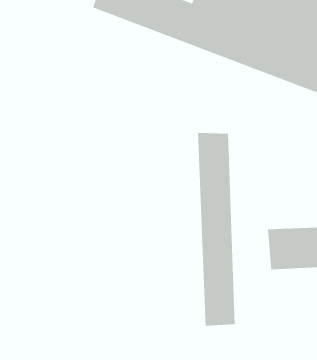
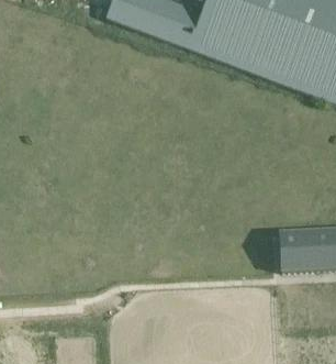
building: [197,132,235,327] -> none

